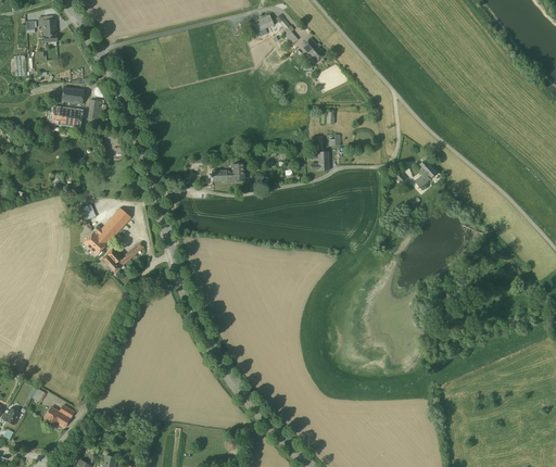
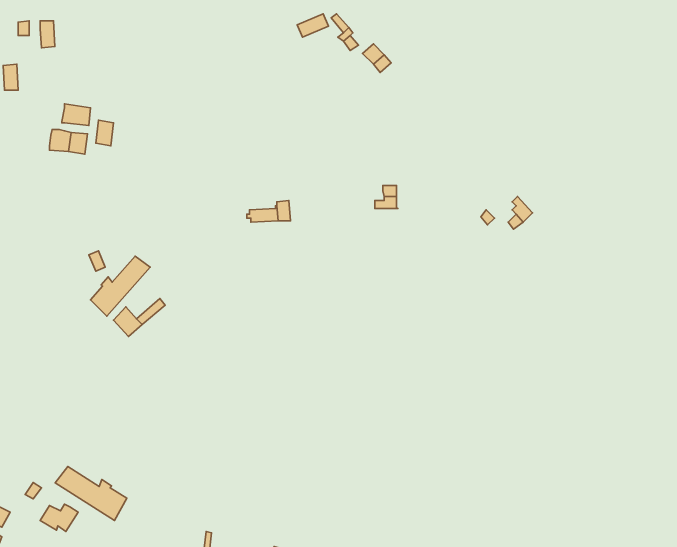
building: none -> [55,467,127,521]

